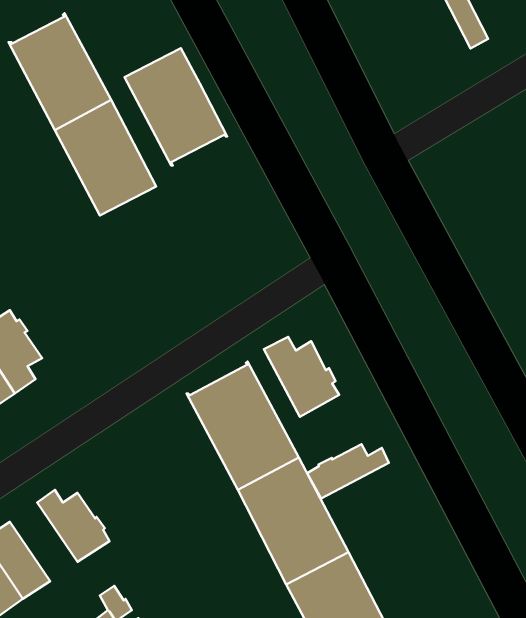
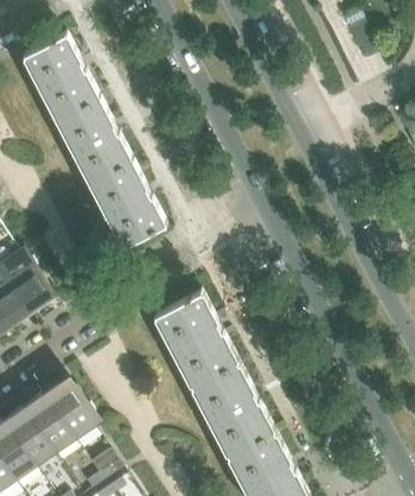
building: [125,48,227,165] -> [90,160,166,247]
building: [264,337,339,417] -> none
building: [307,444,389,498] -> none
building: none -> [24,394,74,452]

